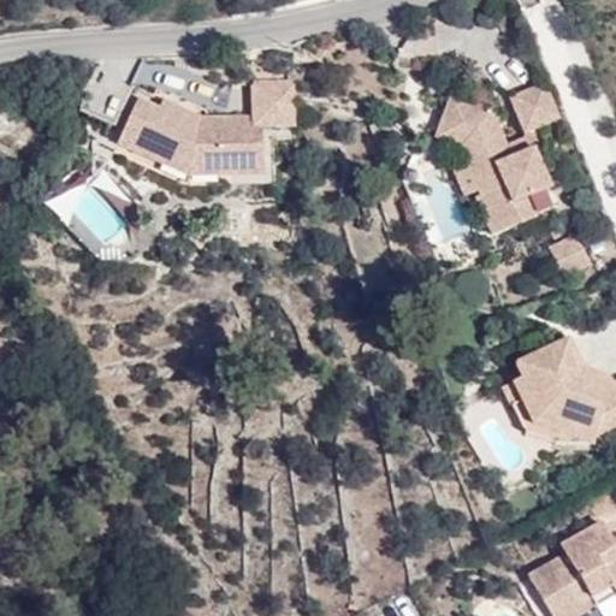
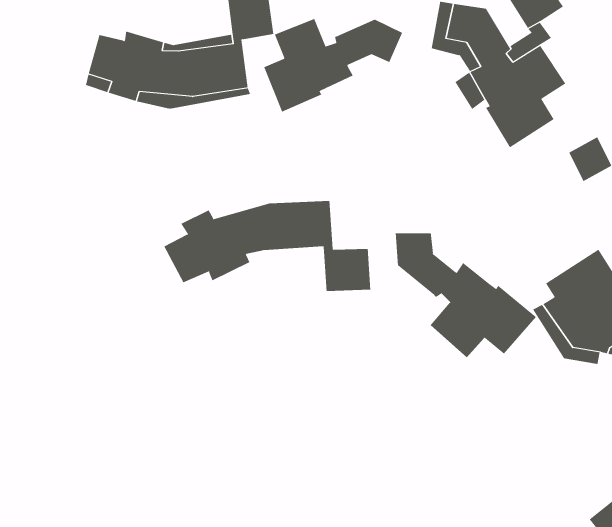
building: none -> [263,18,403,112]
building: none -> [163,200,371,292]
building: none -> [395,232,537,358]

